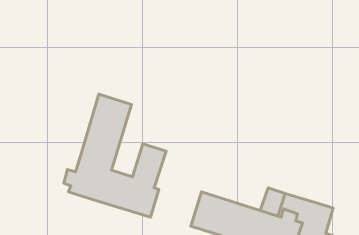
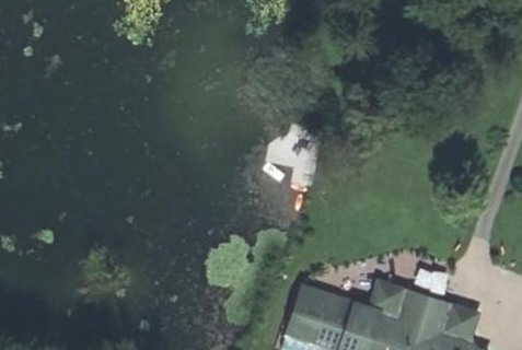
building: [64,94,166,217] -> none

